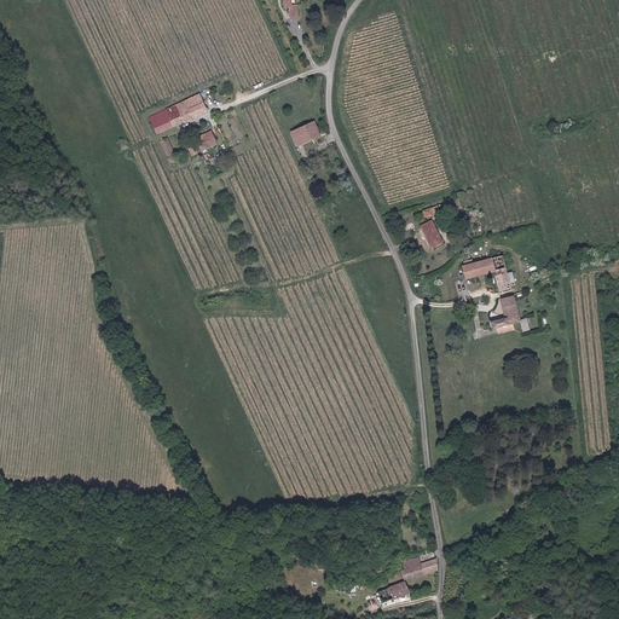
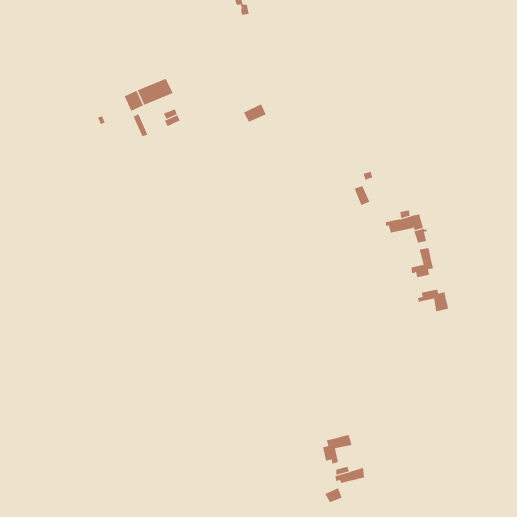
building: none -> [417,289,448,312]
building: none -> [322,434,352,465]

